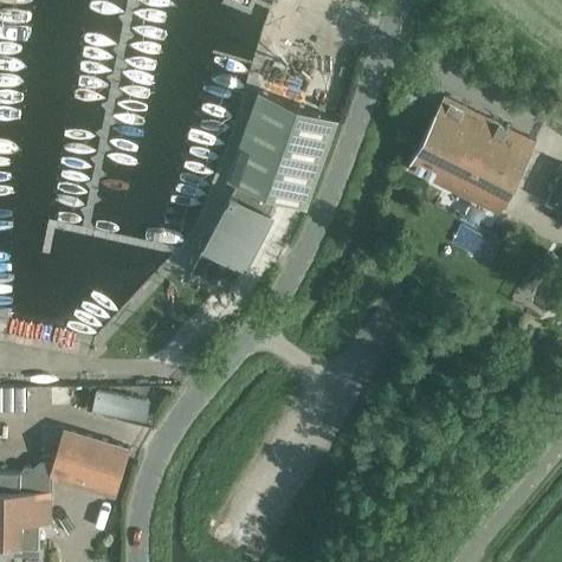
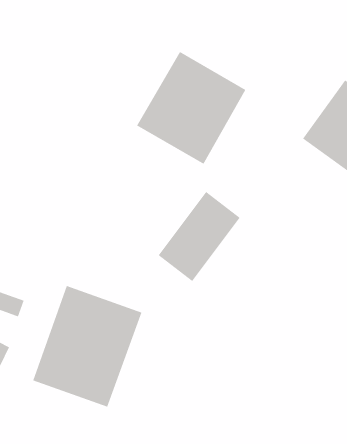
building: [192,190,274,291] -> [158,191,241,282]
building: none -> [32,285,142,407]

